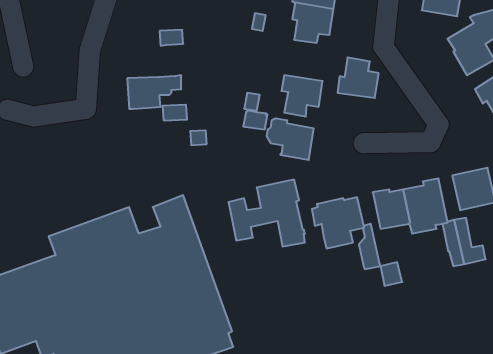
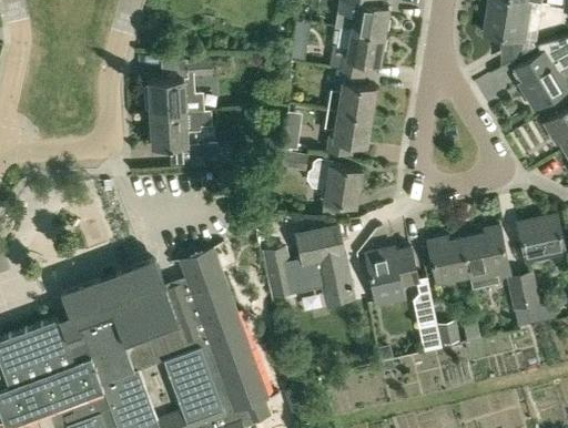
building: none -> [149,80,205,114]
building: [338,57,379,98] -> [328,71,375,116]

